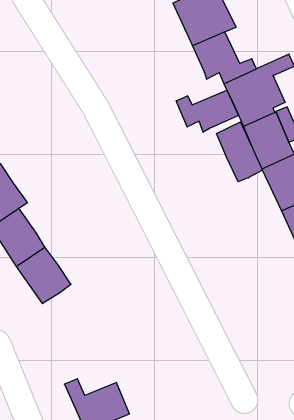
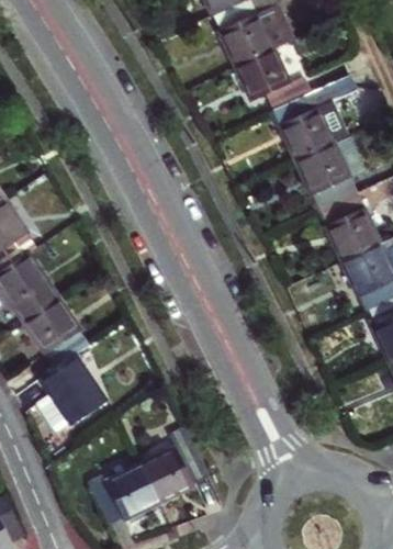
building: [176,90,239,132] -> none
building: [216,122,262,182] -> none
building: none -> [38,354,106,428]
building: none -> [145,424,211,497]

